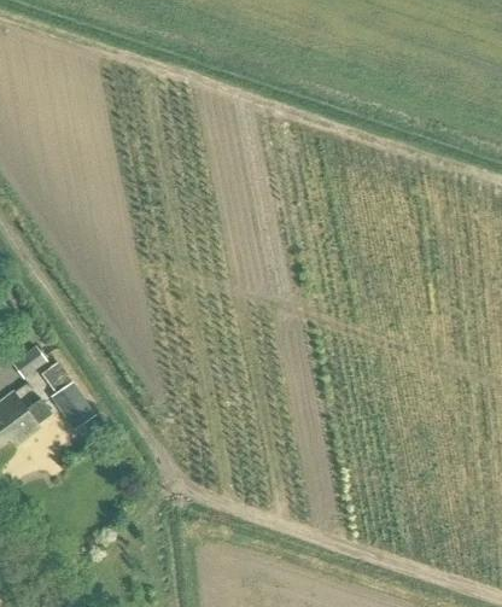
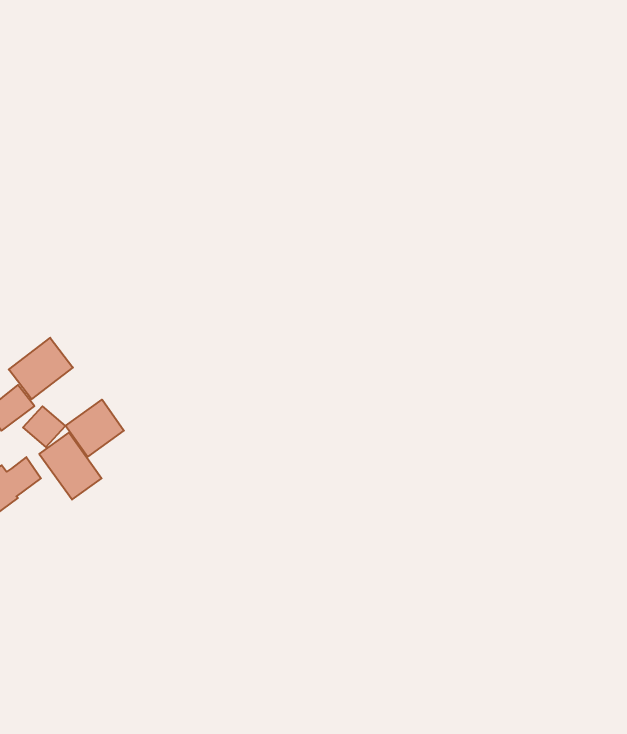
building: none -> [9,338,73,399]
building: none -> [65,400,124,457]

